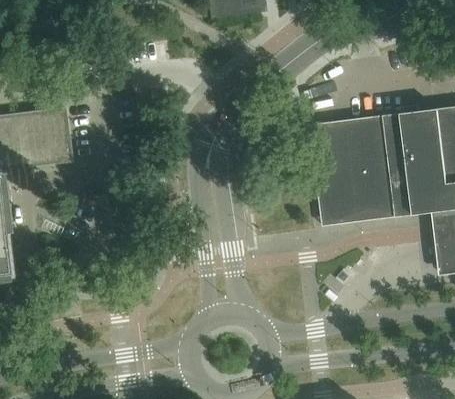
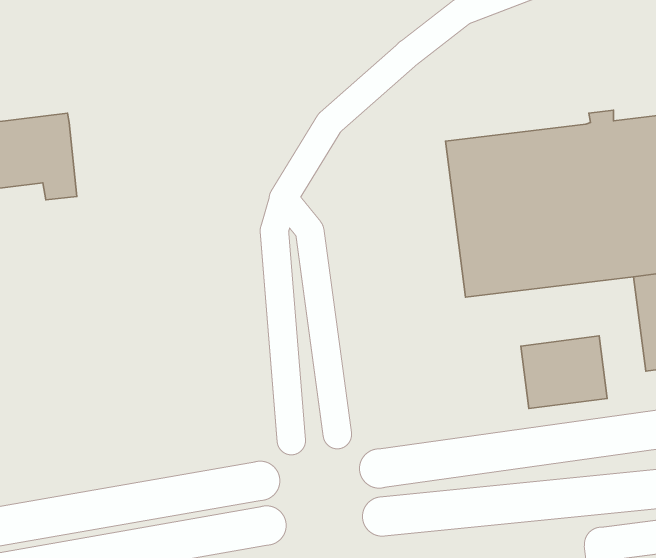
building: none -> [521,336,607,409]

